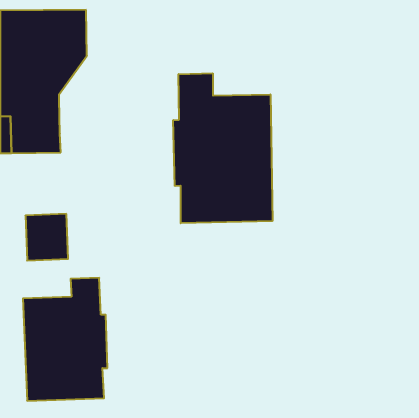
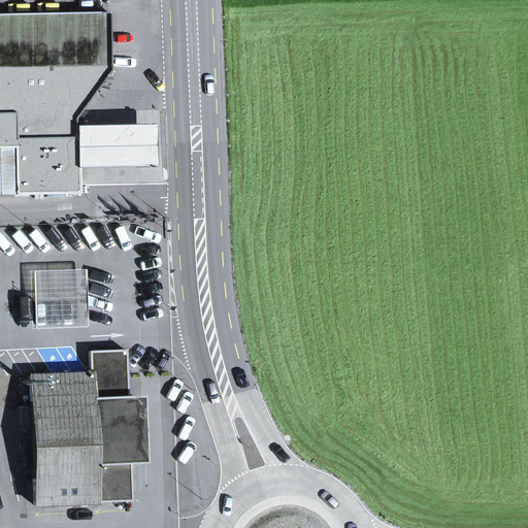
building: [173,73,272,223] -> none
building: none -> [74,123,156,168]

